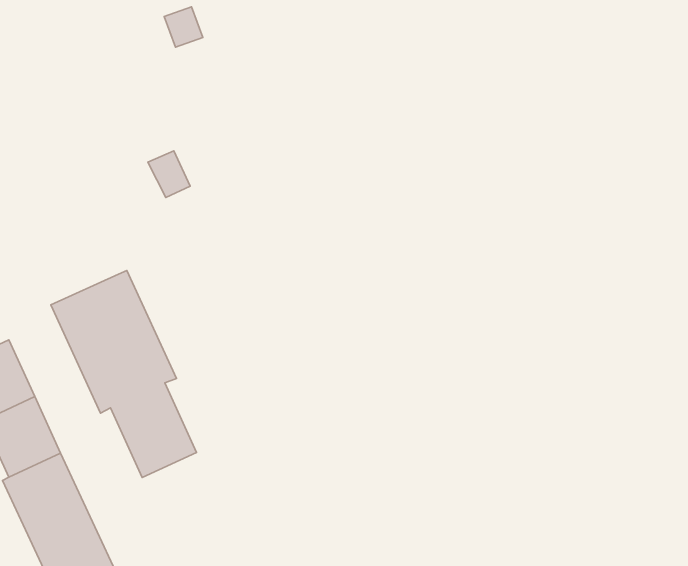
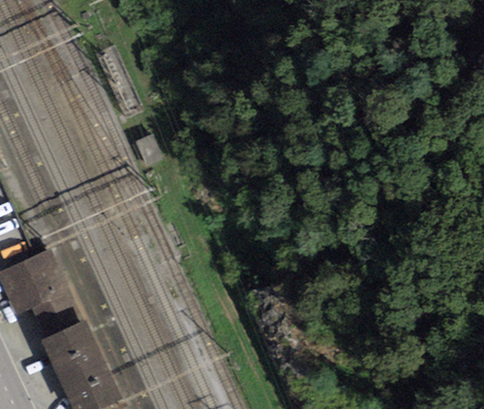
building: [51,271,197,478] -> none

